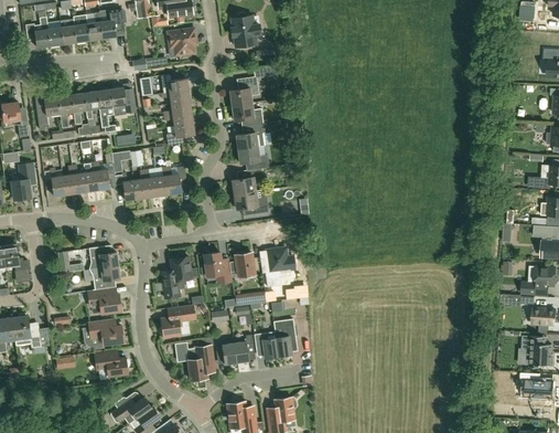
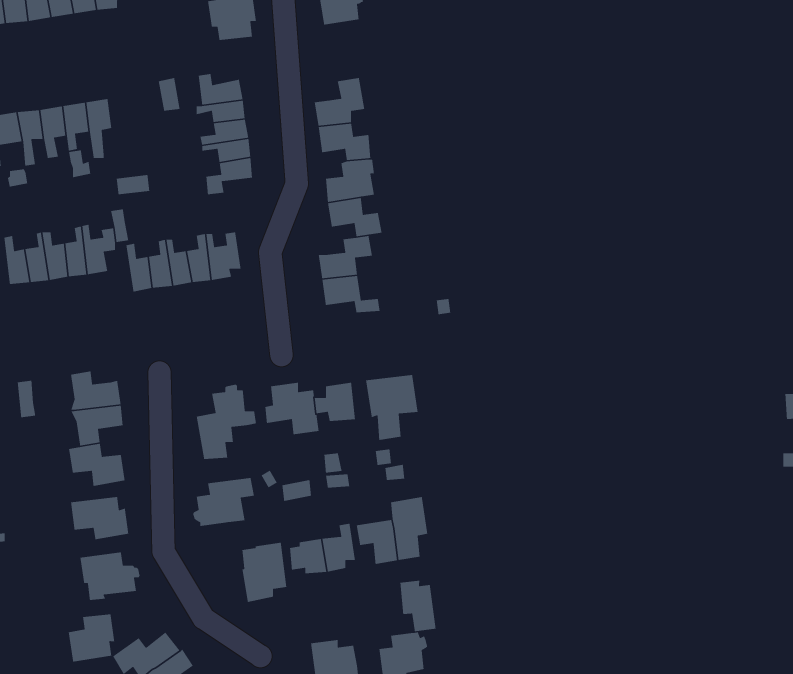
building: [110,87,136,116] -> none
building: none -> [399,580,436,632]
building: none -> [68,613,115,663]

